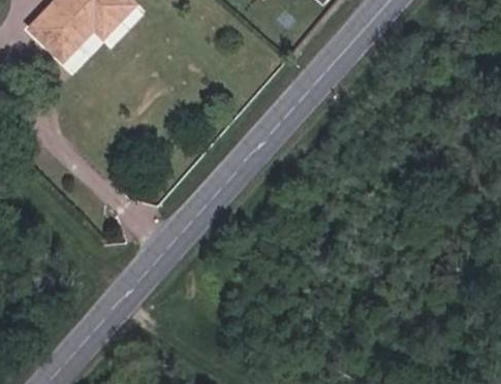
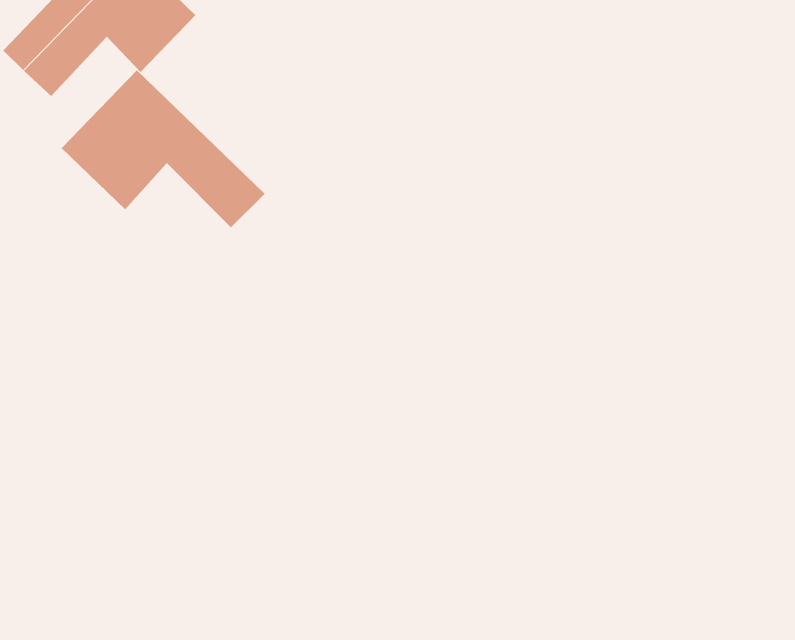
building: none -> [61,69,266,228]

